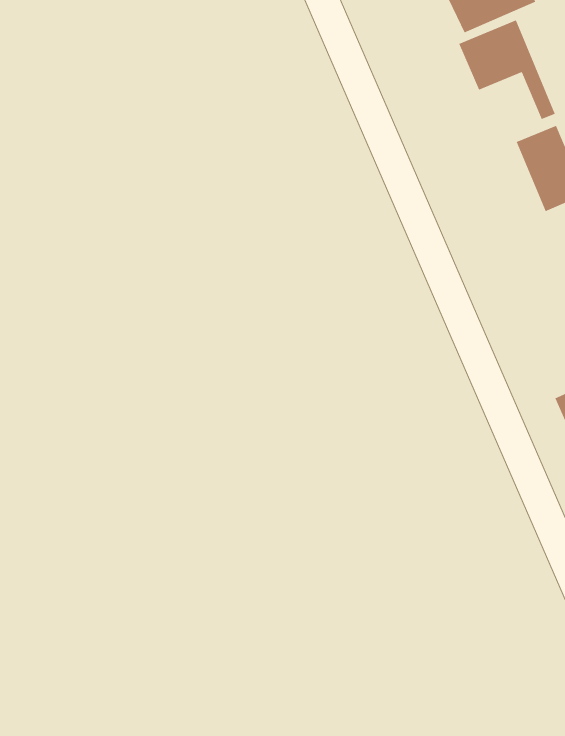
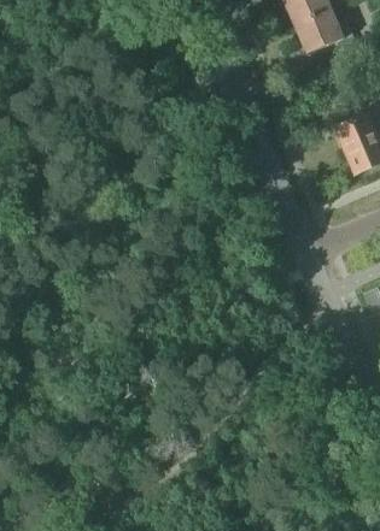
building: [459,19,555,120] -> none

